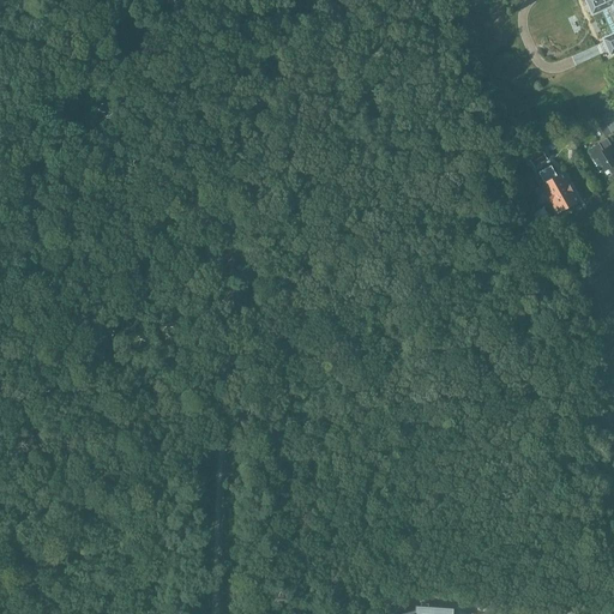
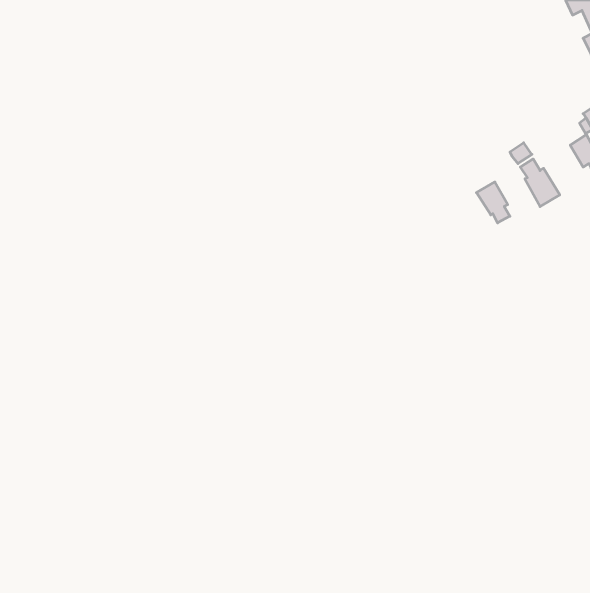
building: none -> [476,182,510,223]

